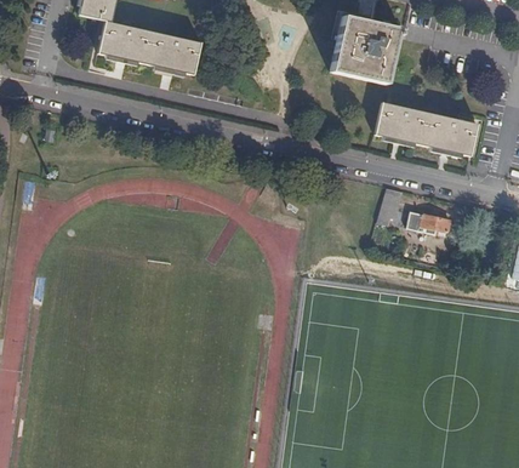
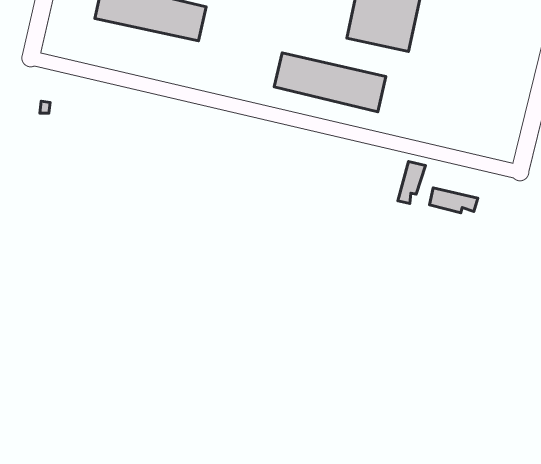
building: [376,101,479,155] -> [274,53,386,112]

